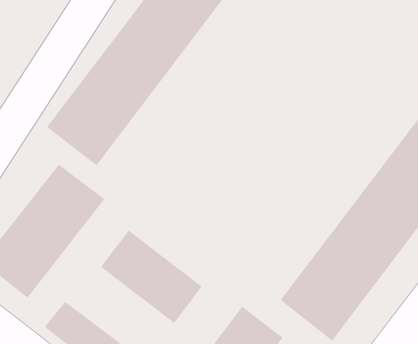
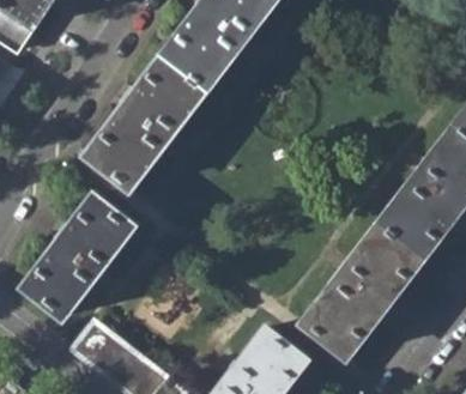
building: [100,229,203,324] -> none

